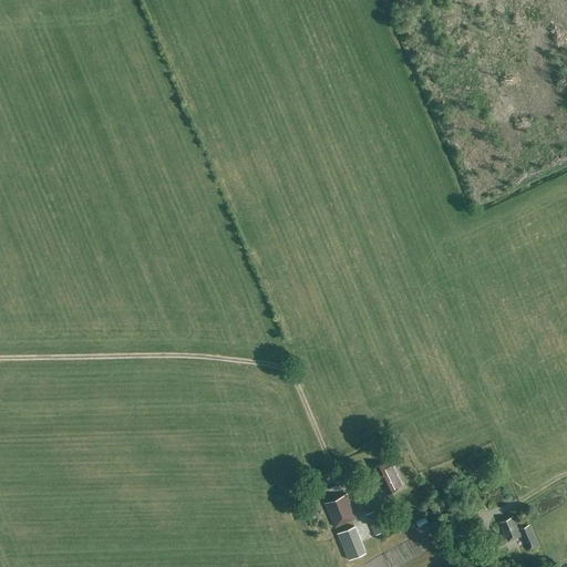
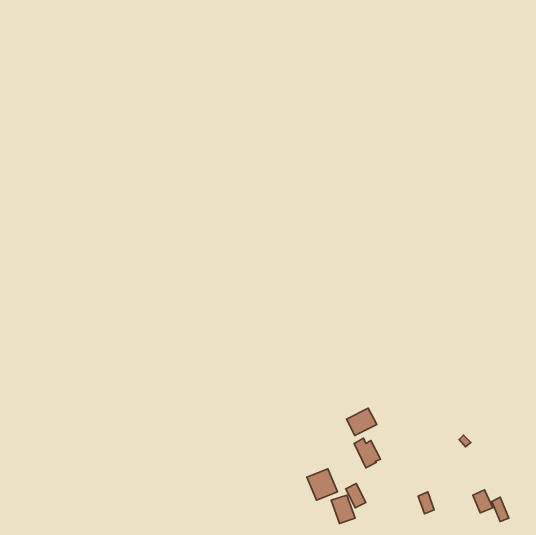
building: none -> [346,408,377,436]

